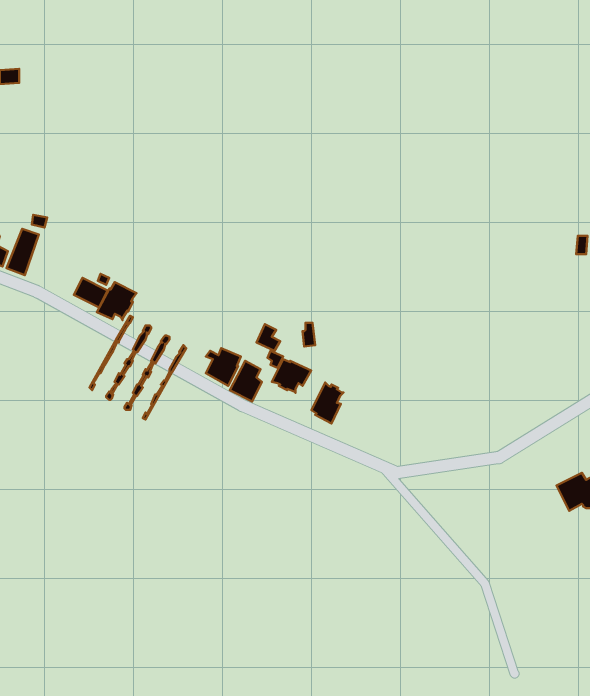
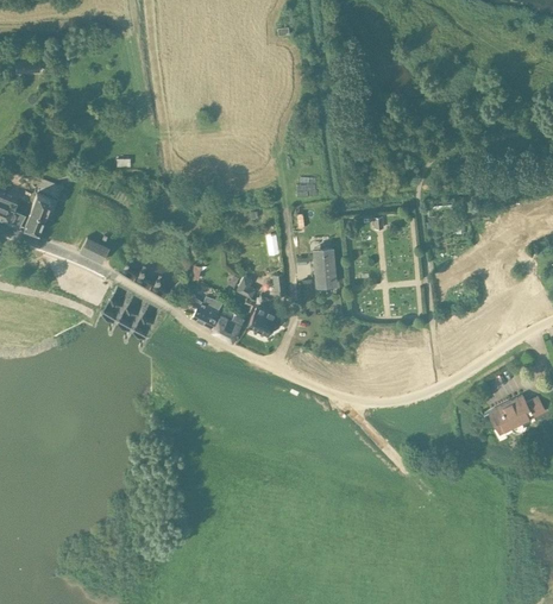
building: [97,282,137,320] -> none
building: none -> [314,253,334,284]
building: [311,382,344,424] -> none

